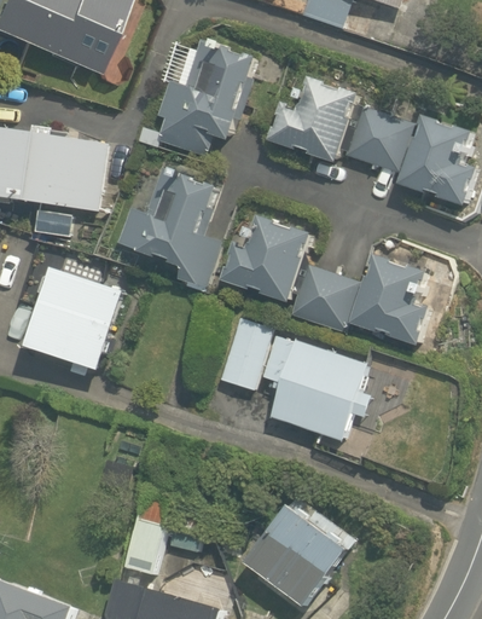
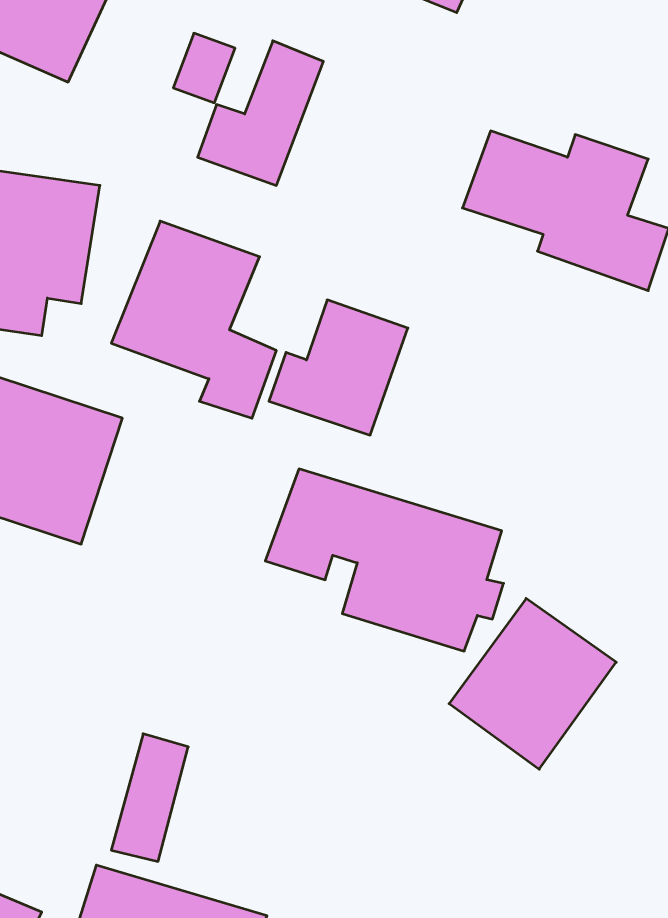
building: [267,80,356,161] -> none
building: [295,255,431,345] -> none
building: [242,494,349,604] -> [449,598,616,769]

